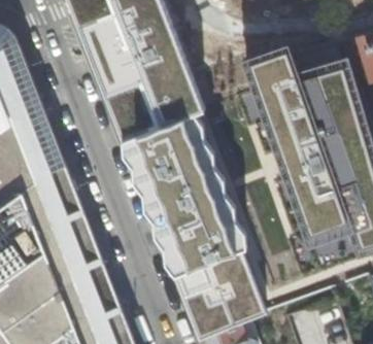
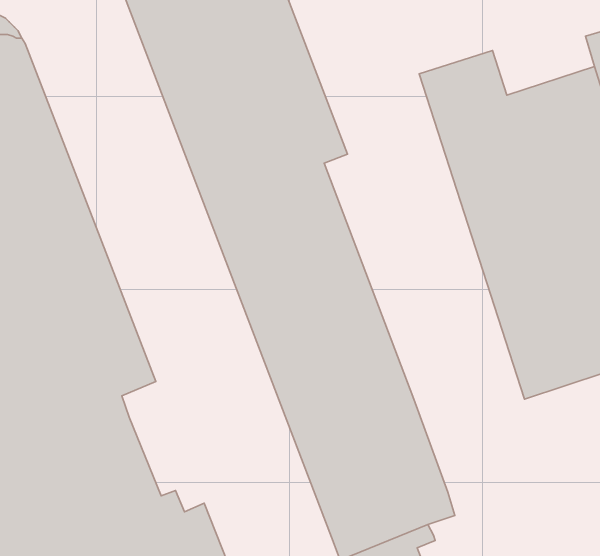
building: [74,238,122,313] -> none

